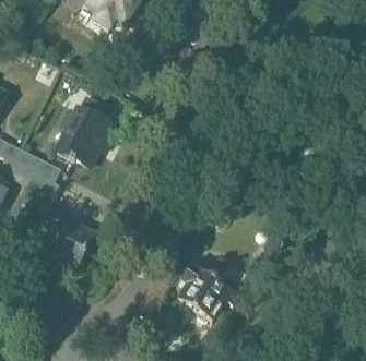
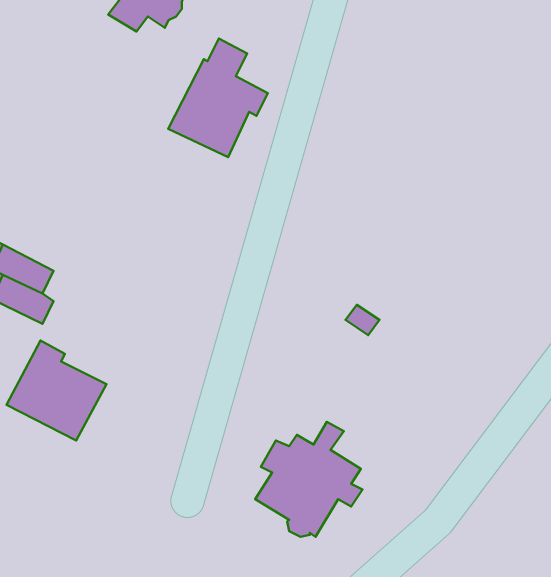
building: [55,95,113,164] -> [168,38,268,157]

